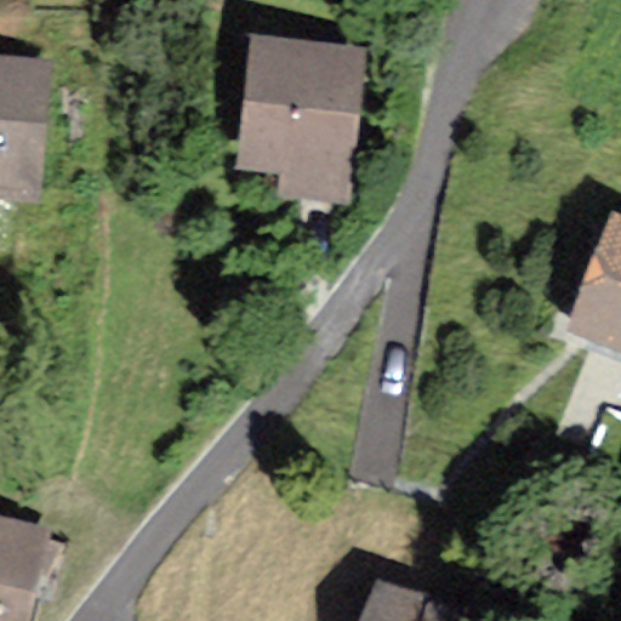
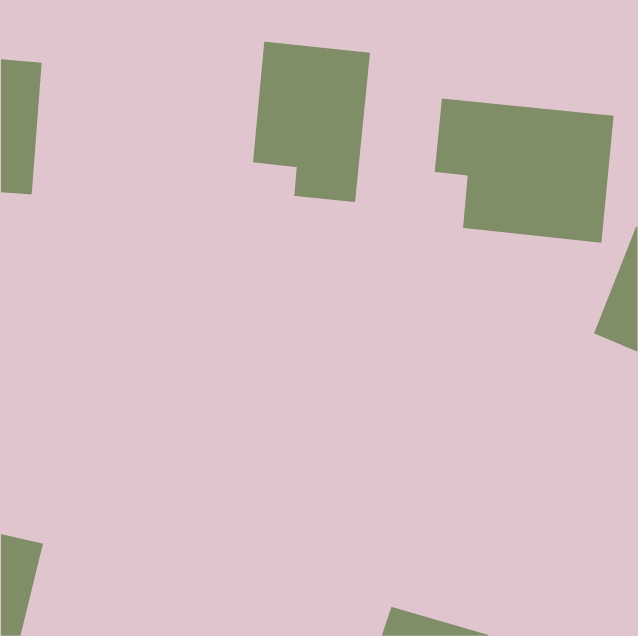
building: none -> [434,98,614,244]

